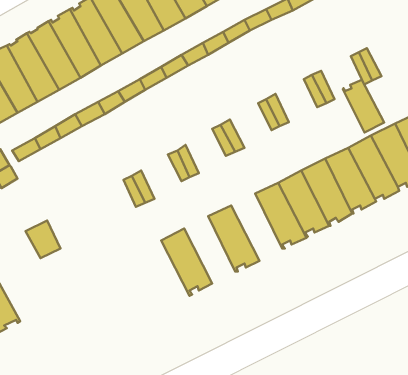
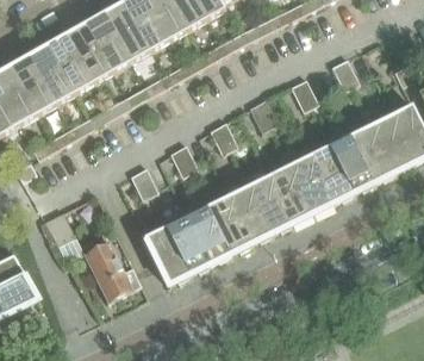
building: [343,80,384,133] -> none
building: none -> [225,185,270,244]
building: none -> [183,205,229,264]
building: none -> [143,226,188,285]
building: none -> [83,238,141,299]

